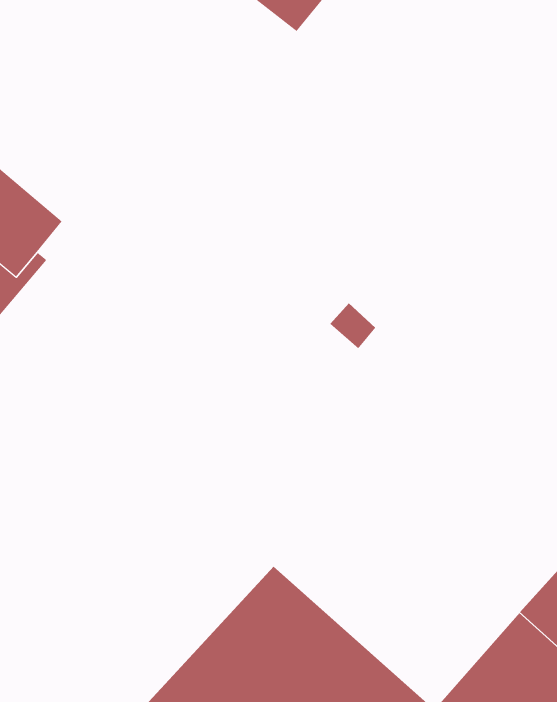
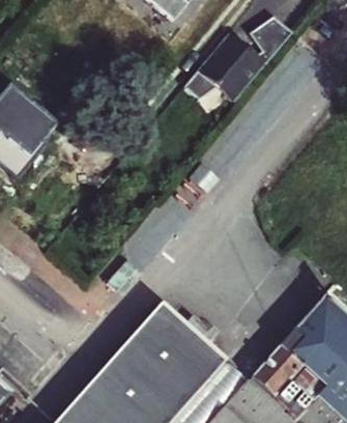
building: none -> [184,17,294,104]

